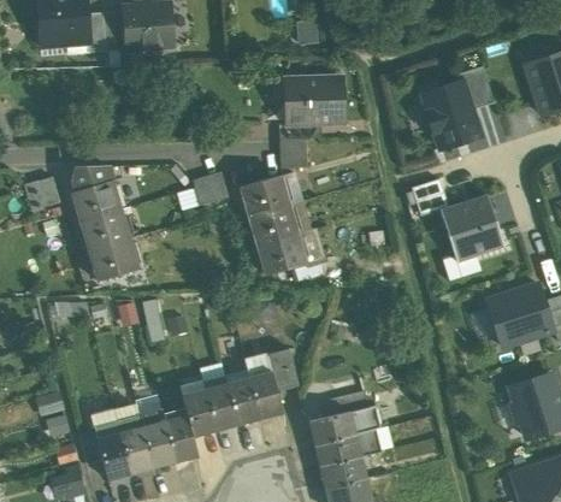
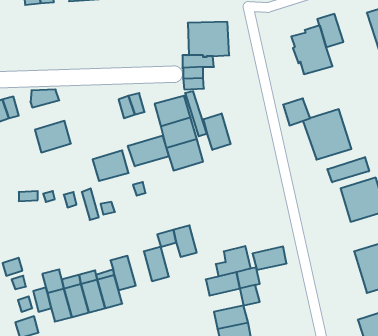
building: [72,182,120,222] -> none
building: none -> [203,113,231,150]
building: none -> [128,136,169,166]
building: [89,240,137,280] -> [93,150,129,181]
building: none -> [327,157,369,182]
building: [249,372,280,418] -> none
building: [205,384,237,430] -> none
building: [314,433,360,465] -> [252,246,287,270]

